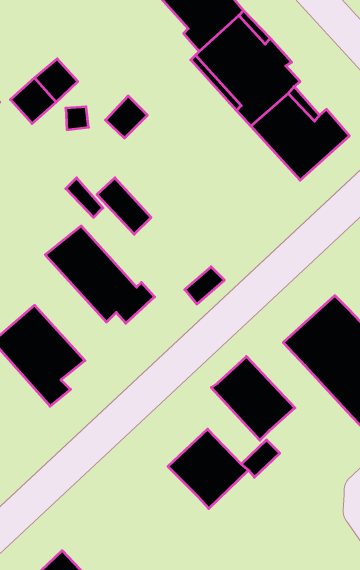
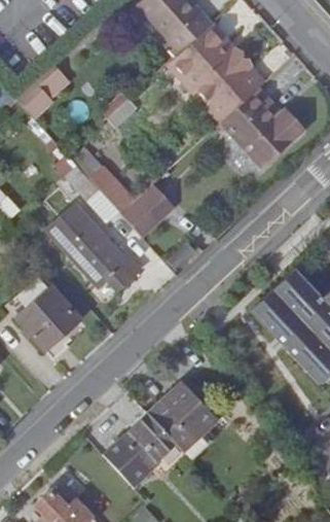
building: none -> [122,183,178,239]
building: [211,356,295,440] -> none
building: none -> [106,413,177,491]

